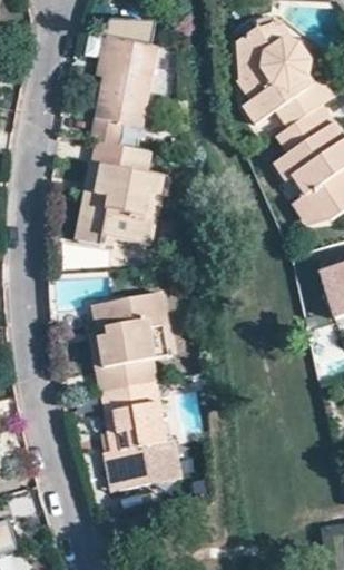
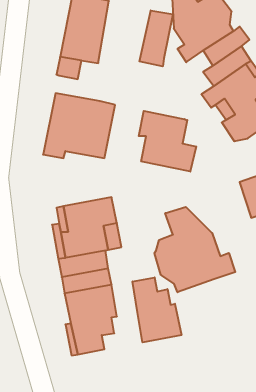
building: none -> [139,10,173,66]
building: [90,140,149,173] -> none
building: none -> [139,111,196,172]
building: none -> [155,207,235,292]
building: none -> [133,277,181,342]

